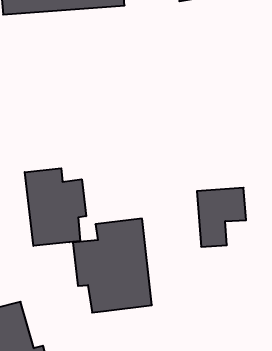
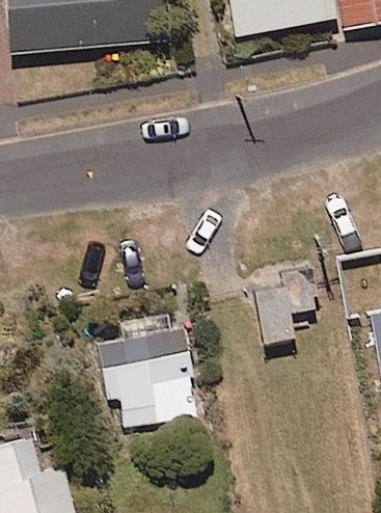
building: [25,168,86,246] -> none

